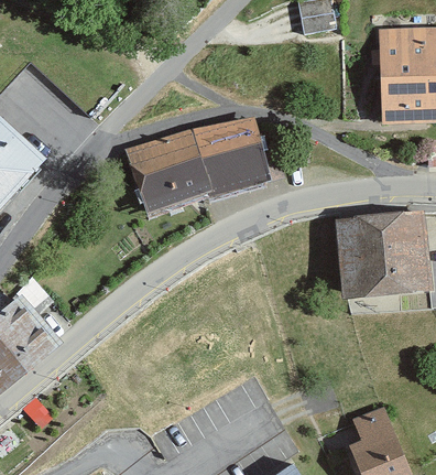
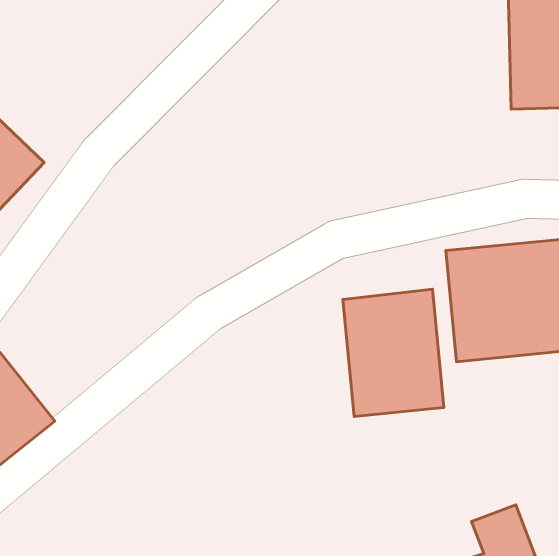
building: [127,123,268,214] -> none
building: none -> [343,289,444,417]

